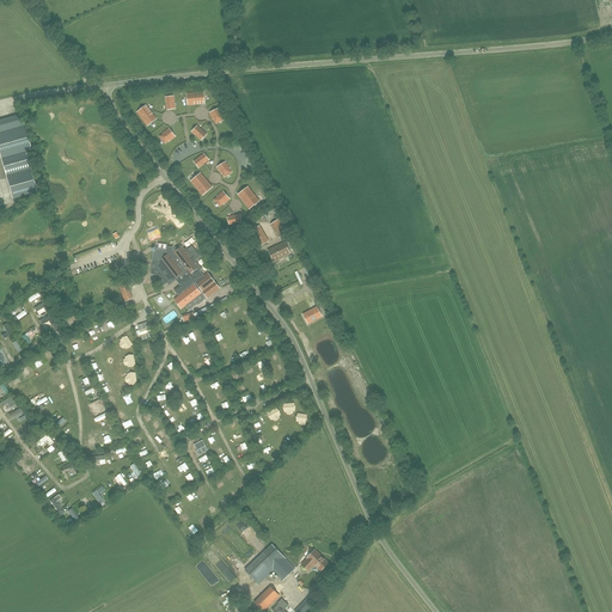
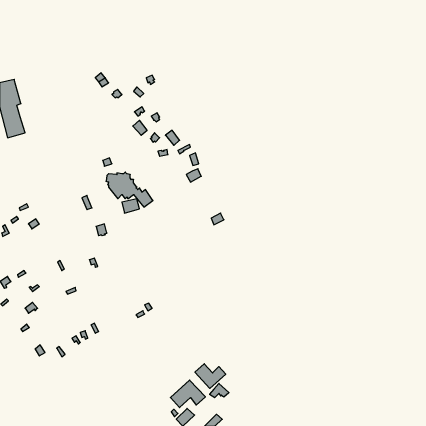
building: none -> [195,364,226,388]

